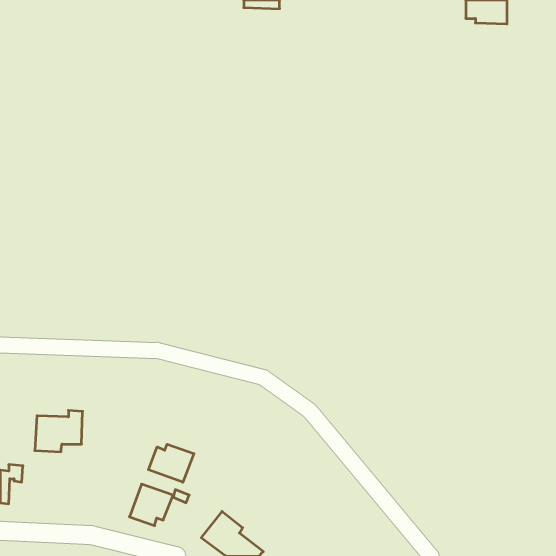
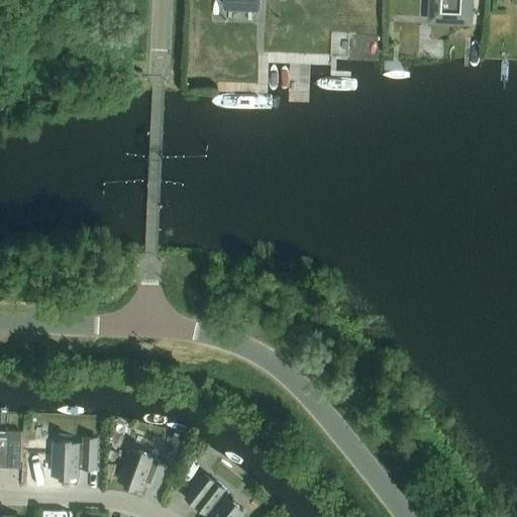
building: [35,410,83,452] -> [54,437,98,476]
building: [148,444,194,482] -> none

